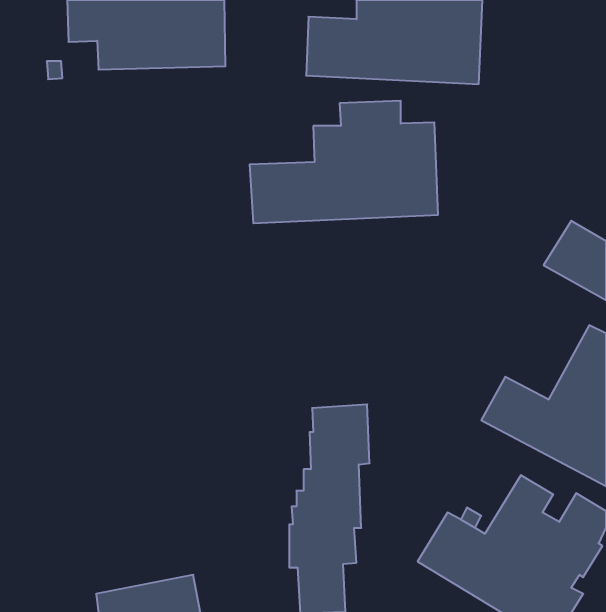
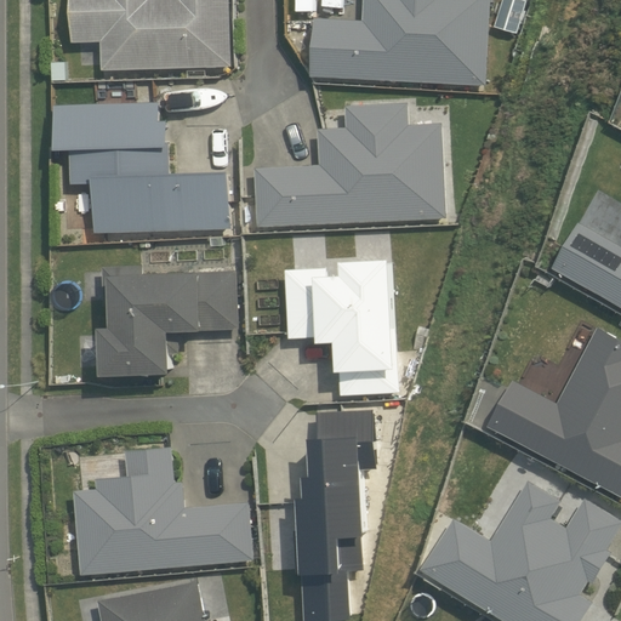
building: none -> [52,103,229,234]
building: none -> [283,258,398,397]
building: none -> [101,266,235,376]
building: none -> [72,446,251,576]

